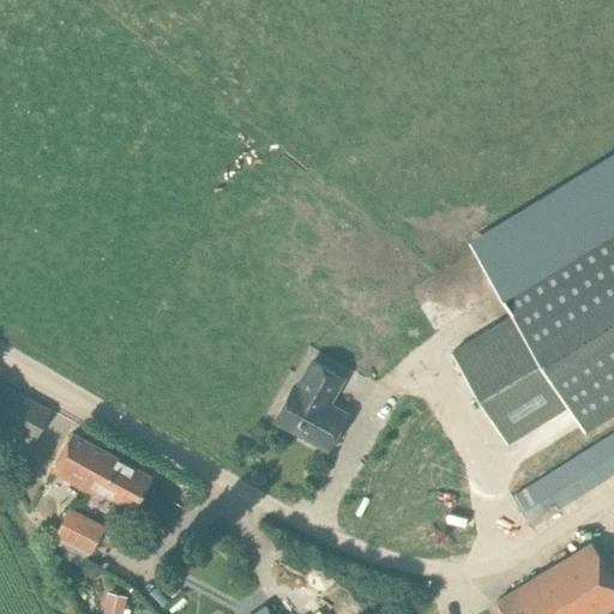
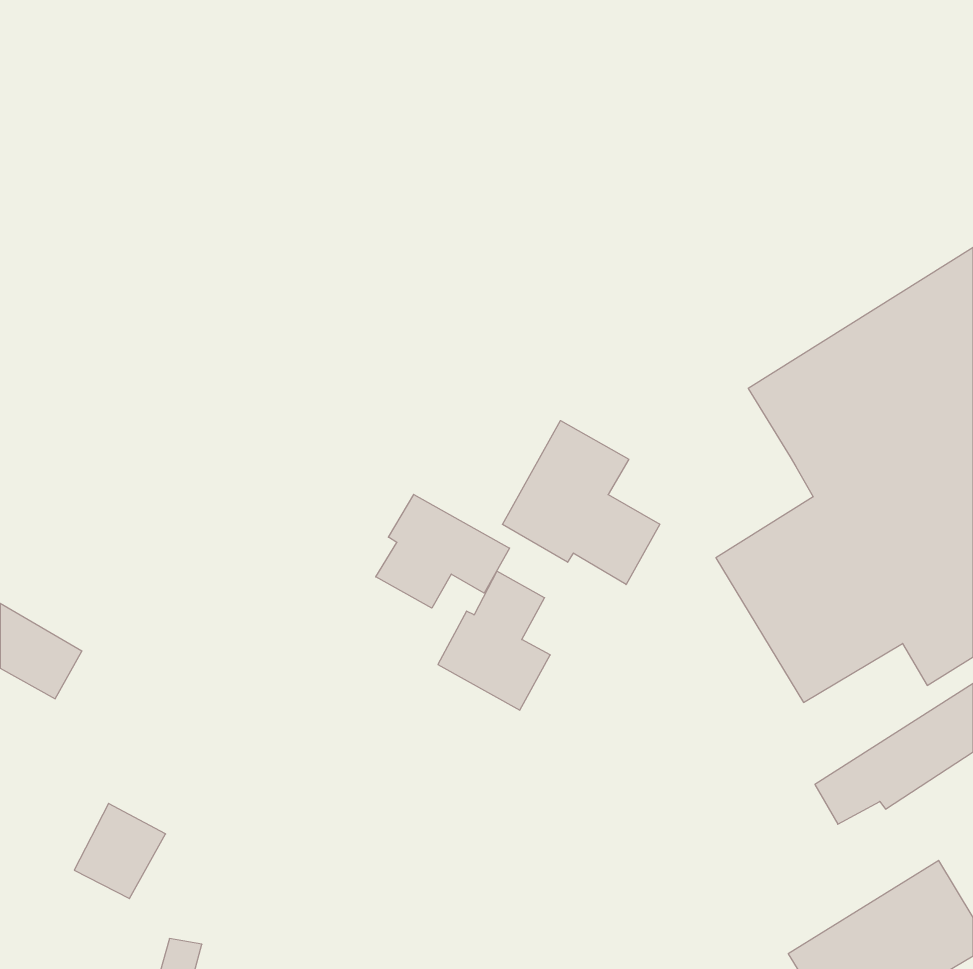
building: none -> [502,421,660,585]
building: none -> [376,494,510,608]
building: [53,434,152,510] -> none

